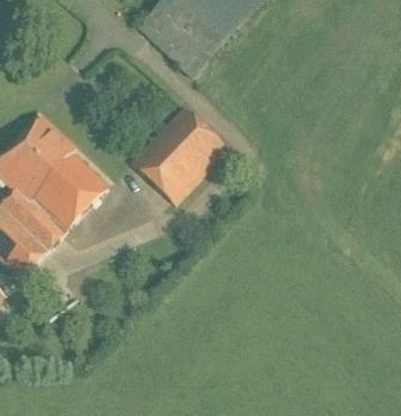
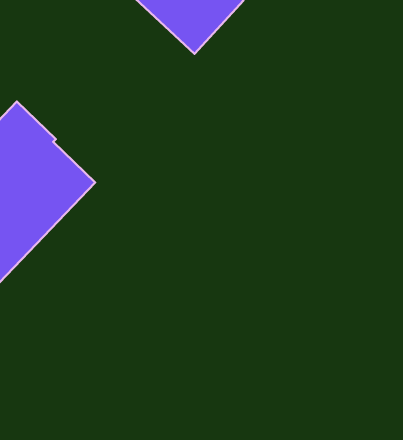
building: [132,105,228,203] -> none

